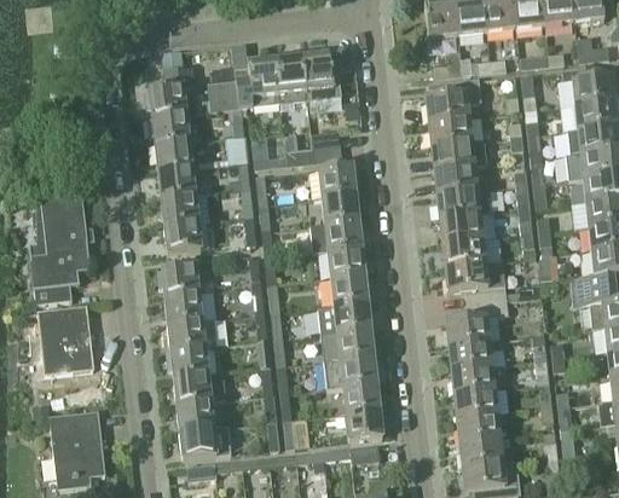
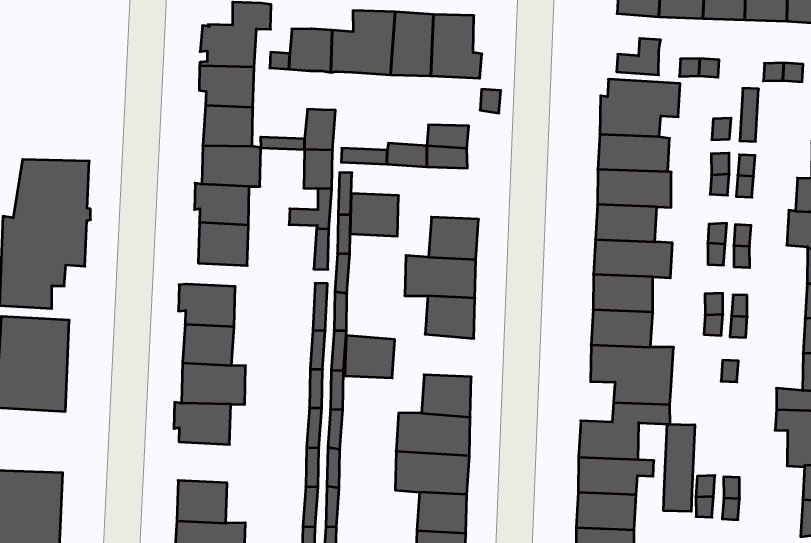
building: [318,166,354,197] -> [350,193,399,236]
building: [330,276,366,306] -> [345,335,395,378]
building: none -> [664,424,695,511]
building: [173,373,225,405] -> none

